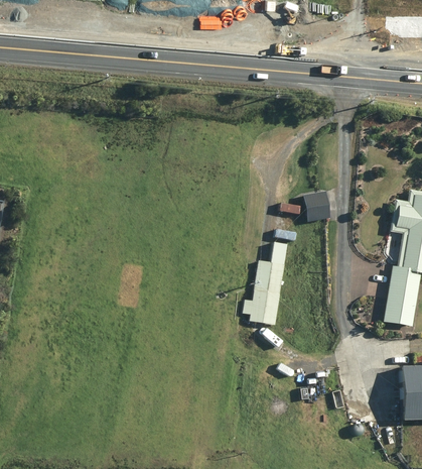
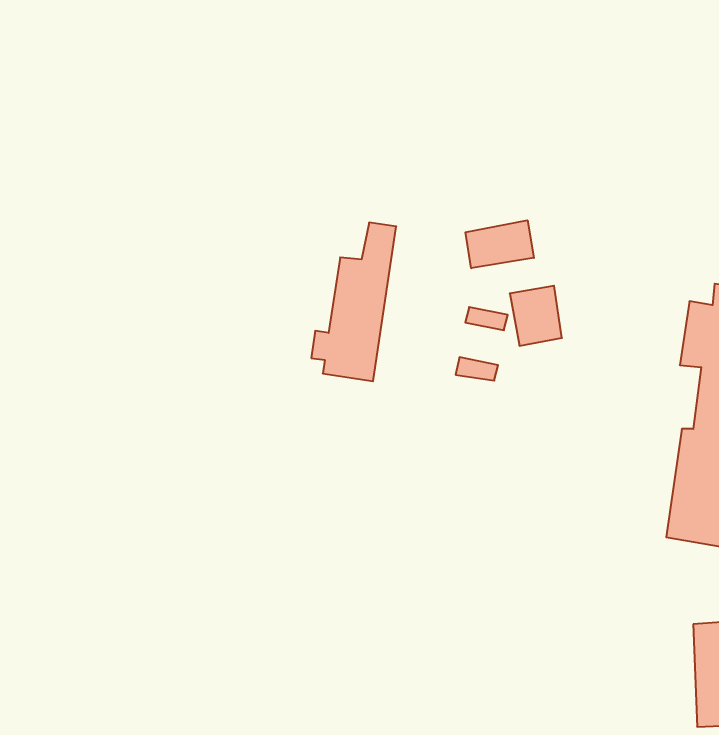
building: none -> [465,220,534,268]
building: [243,241,287,324] -> [311,223,396,381]

